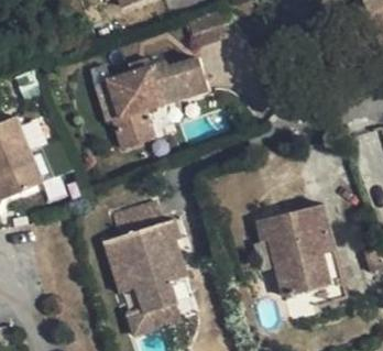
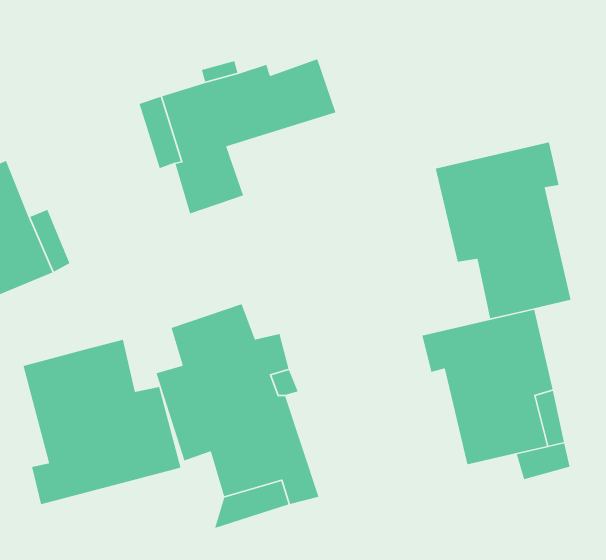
building: none -> [435,141,572,319]
building: none -> [23,339,181,505]

